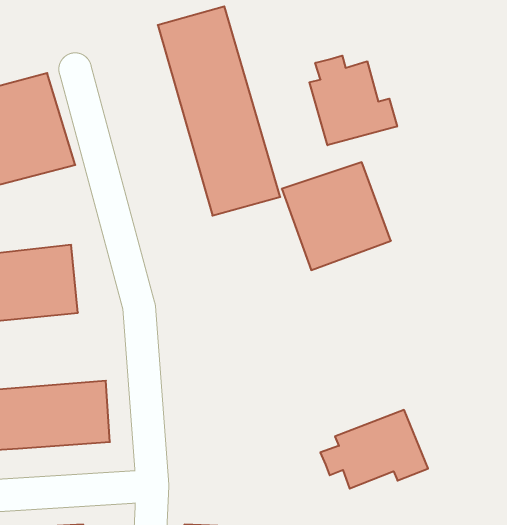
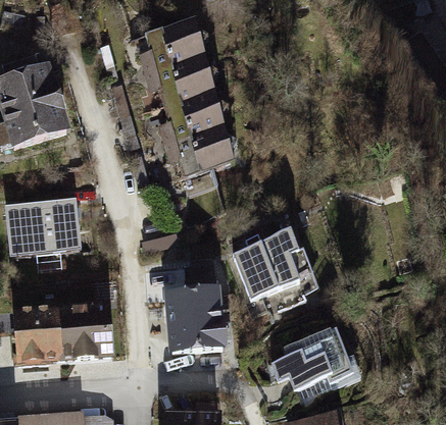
building: [309,56,397,145] -> none
building: [282,162,391,270] -> [242,232,326,315]
building: none -> [164,288,219,346]

